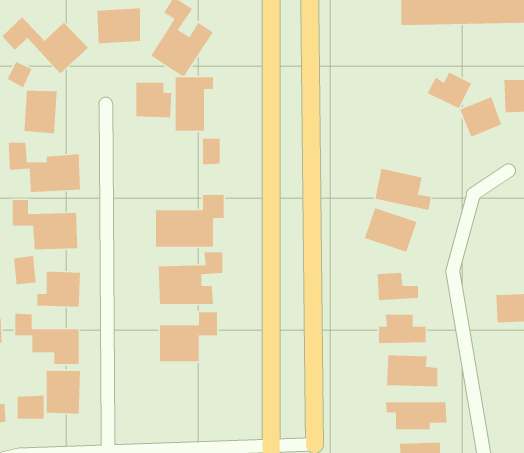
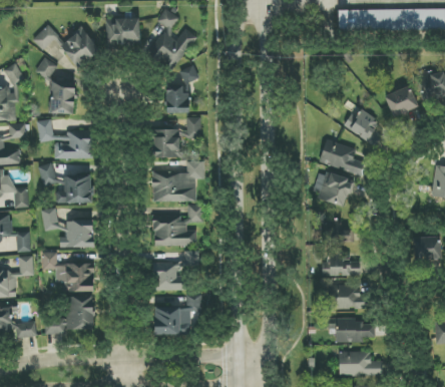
building: [427,71,472,109] -> [343,110,378,139]
building: [136,82,172,118] -> [152,129,180,157]
building: none -> [153,295,200,335]

